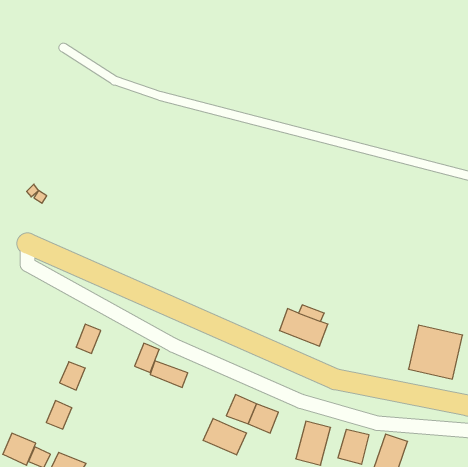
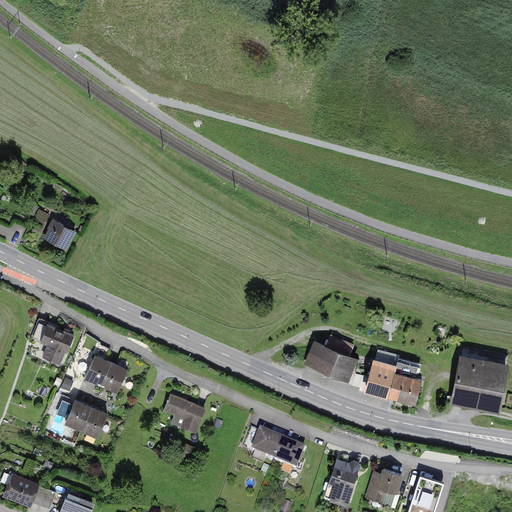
building: none -> [43,217,77,249]
building: none -> [34,327,72,366]
building: none -> [366,348,424,403]
building: [135,343,159,373] -> [100,362,127,394]
building: [46,401,72,429] -> [83,403,111,434]
building: [203,418,246,455] -> none

